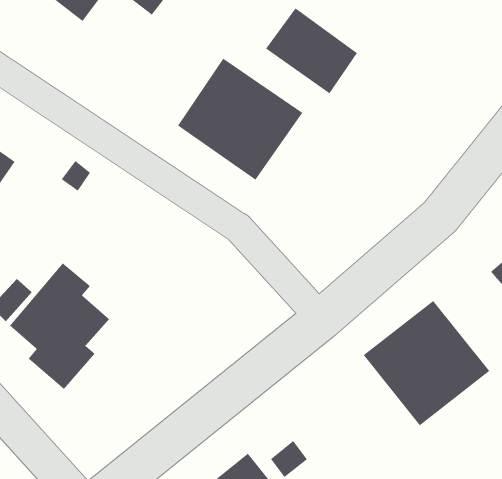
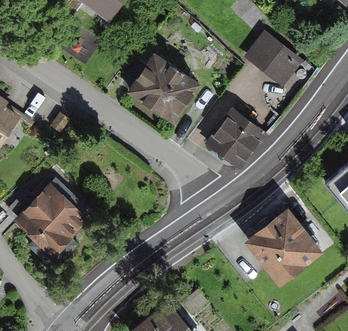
building: [265,7,358,94] -> [244,31,303,86]
building: none -> [205,107,266,168]

